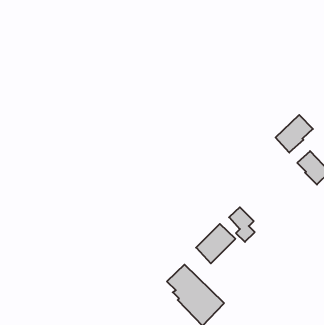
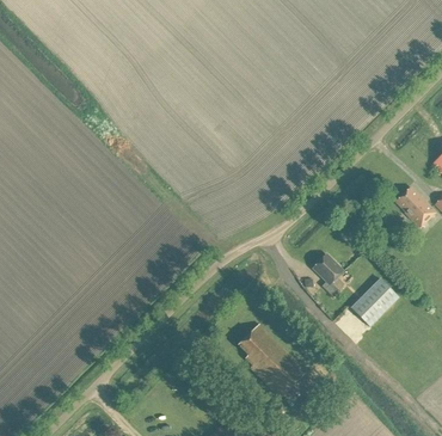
building: [276,115,313,153] -> none
building: [196,224,235,263] -> [351,278,399,326]

